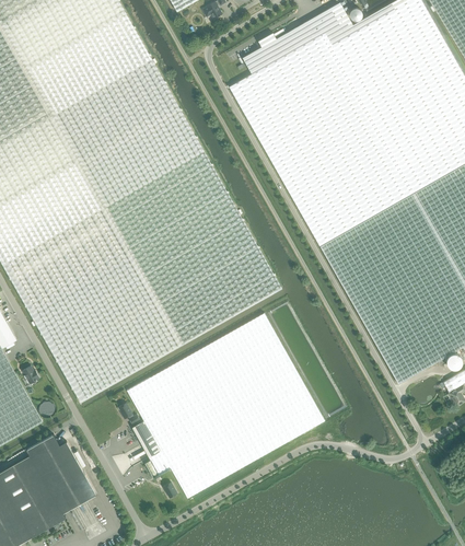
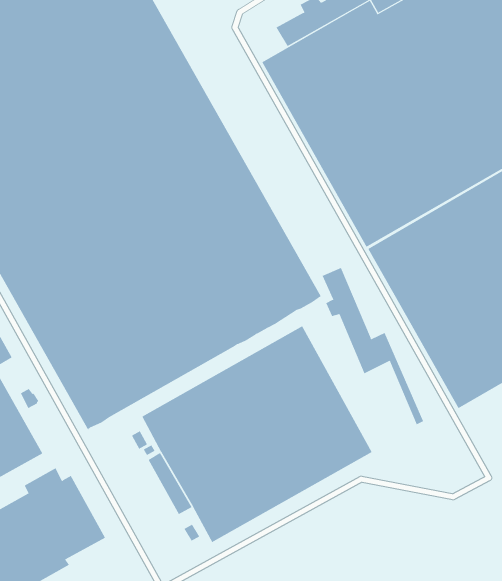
building: none -> [322,267,424,425]

